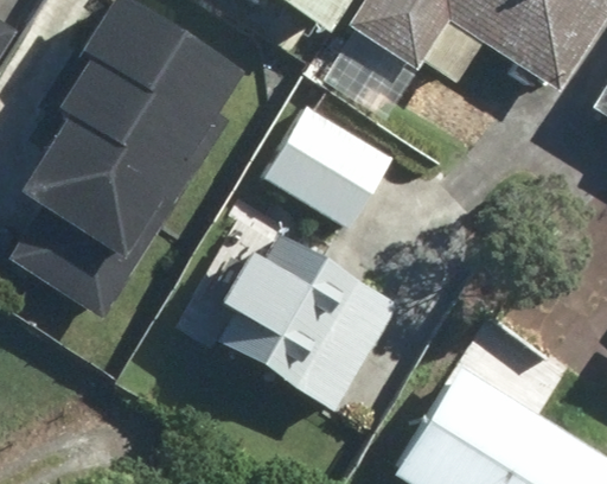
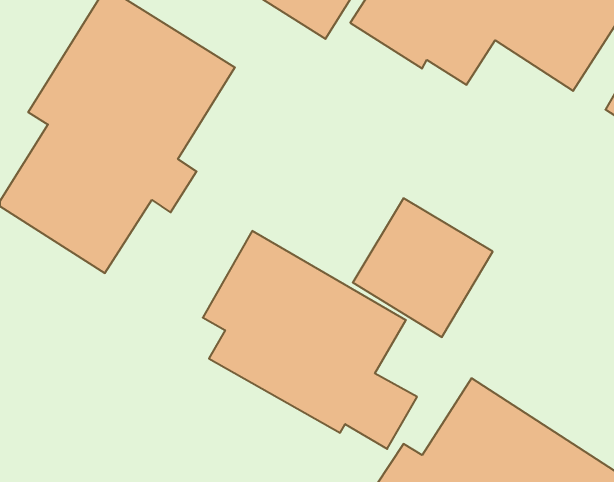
building: [266,100,400,233] -> [353,198,493,337]

